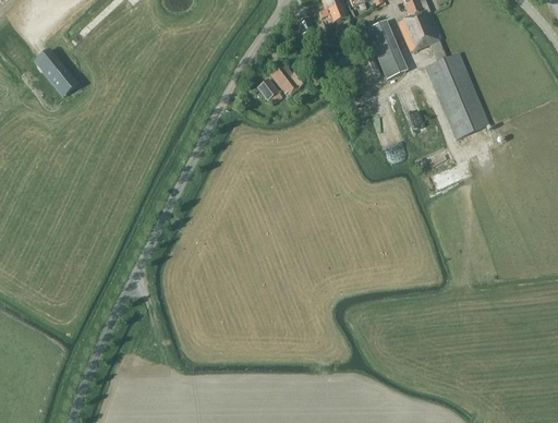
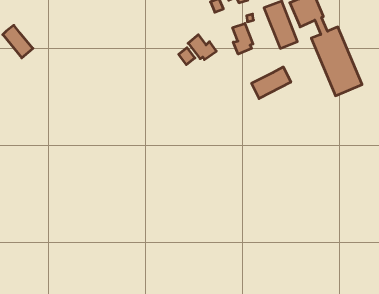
building: none -> [233,23,253,54]
building: none -> [252,67,291,99]

